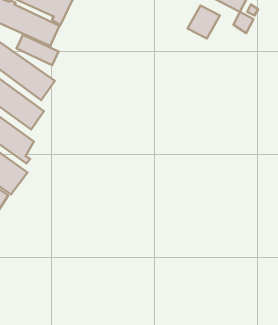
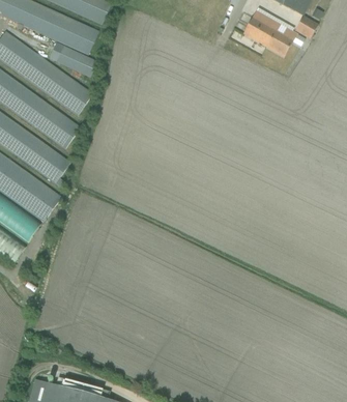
building: none -> [265,21,305,58]

